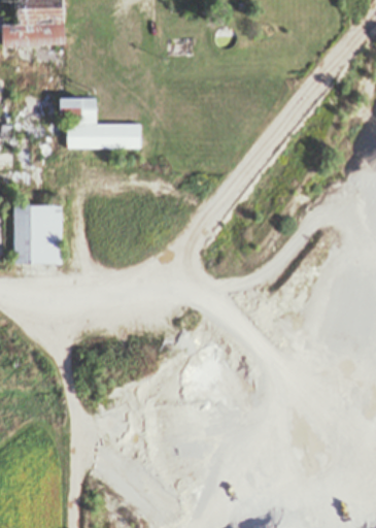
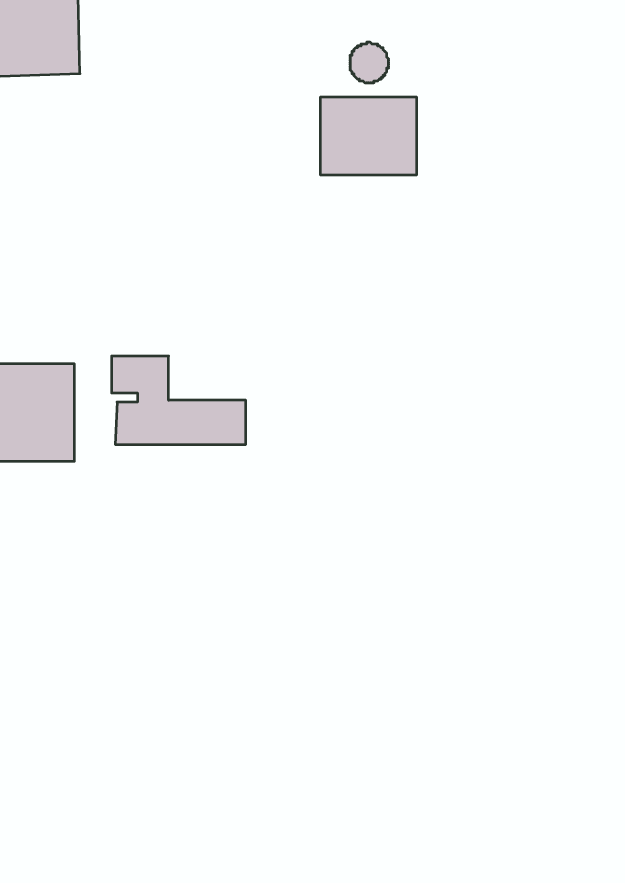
building: none -> [321,97,416,175]
building: [64,98,139,147] -> [112,356,246,444]

